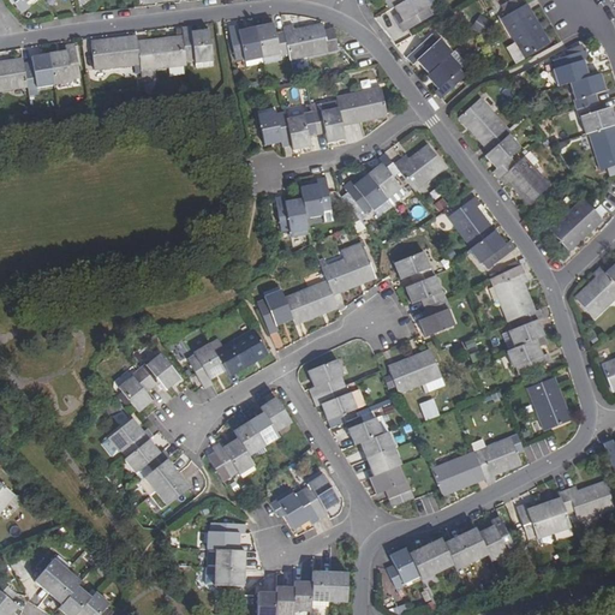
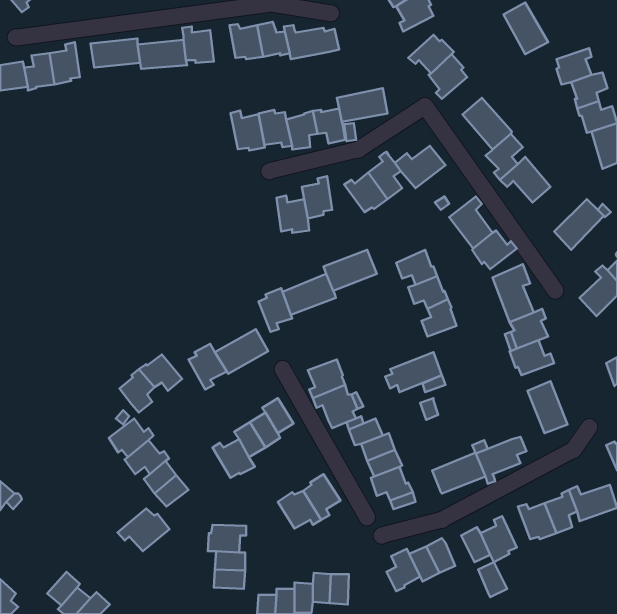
building: none -> [231,111,265,151]
building: none -> [118,509,170,551]
building: [443,533,472,568] -> [478,562,507,597]
building: [34,557,66,591] -> none

